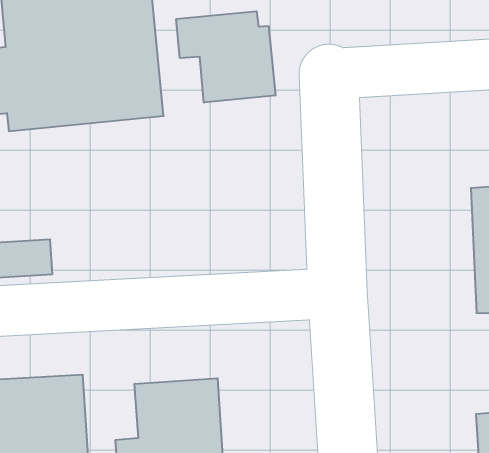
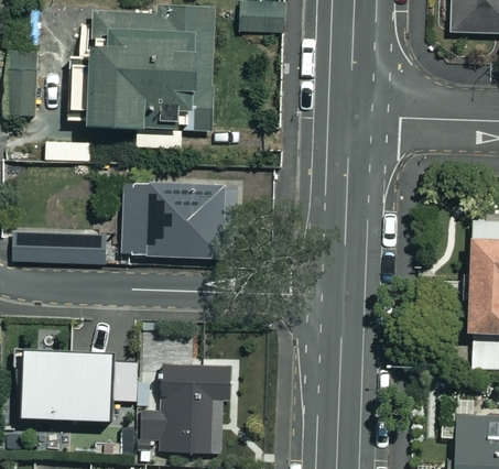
building: [176,11,275,103] -> none
building: none -> [122,183,234,257]

